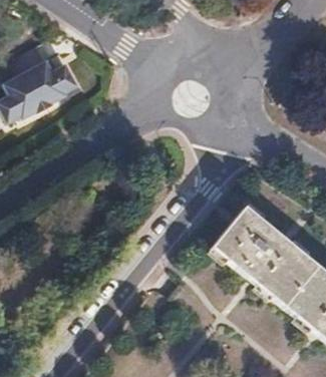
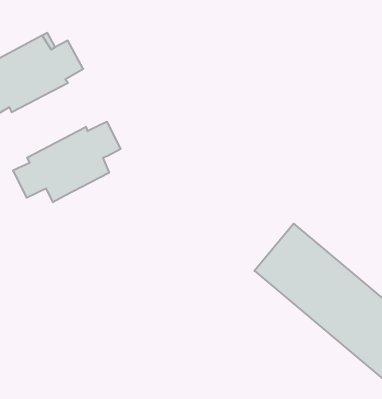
building: none -> [13,122,121,202]

